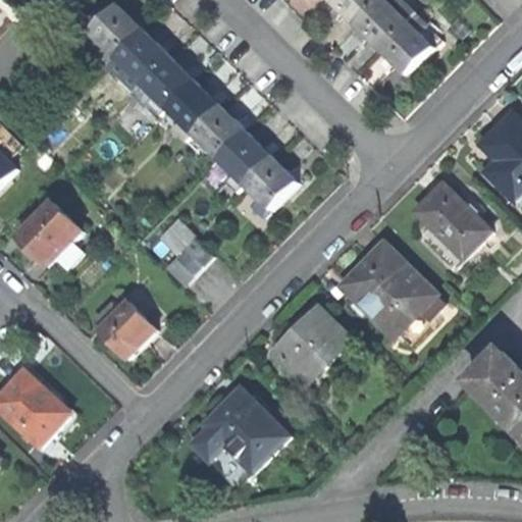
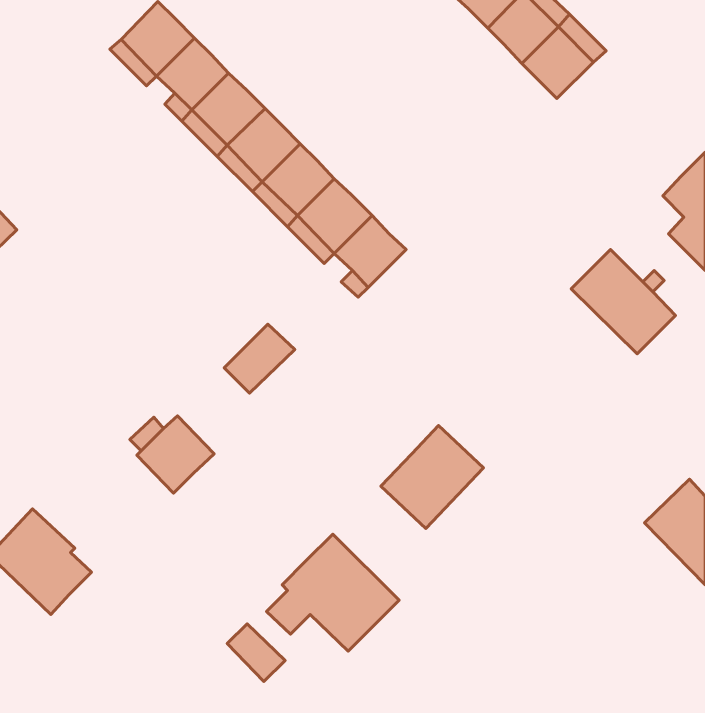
building: [17,201,81,264] -> none
building: [341,242,442,344] -> none
building: [210,445,252,486] -> [227,624,285,682]

